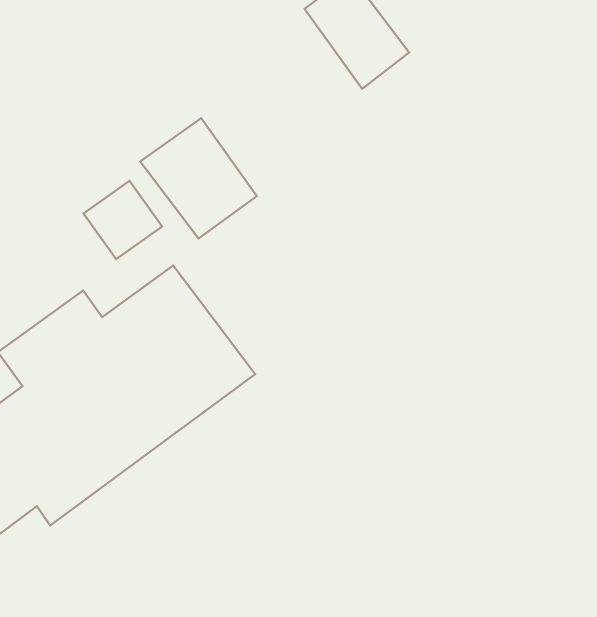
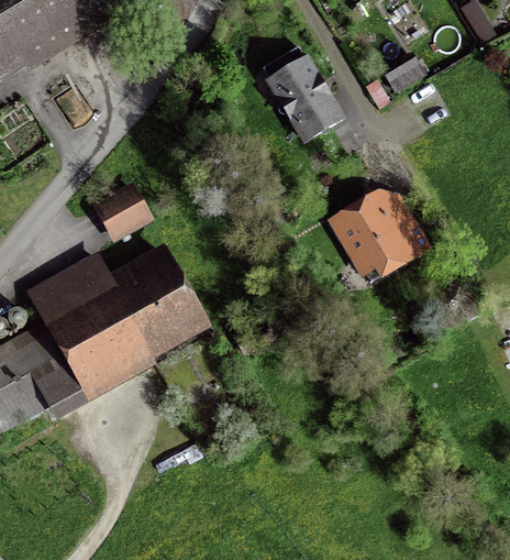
building: [140,118,257,238] -> none
building: none -> [333,188,424,282]

